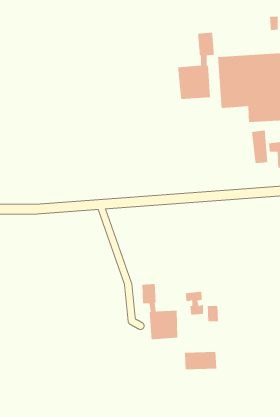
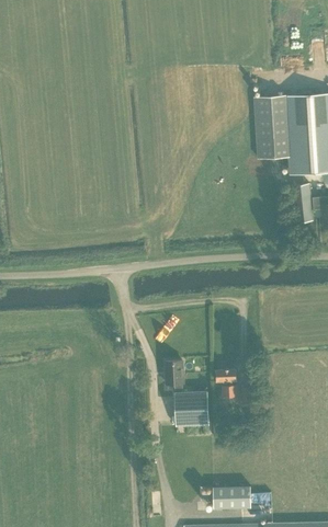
building: [177,32,215,100] -> none
building: [184,351,217,370] -> [212,485,250,507]

